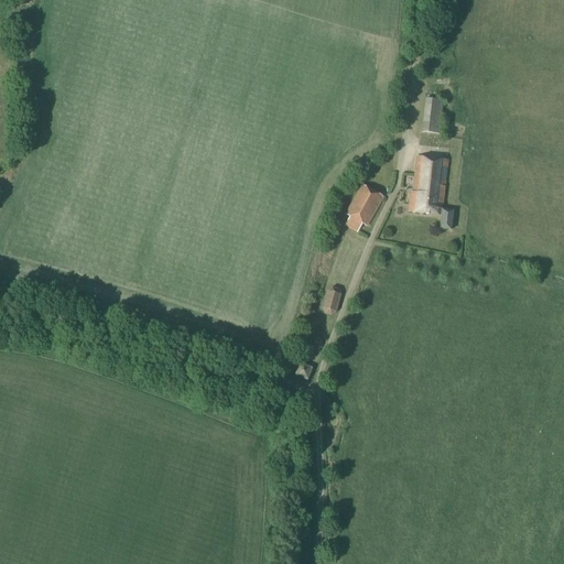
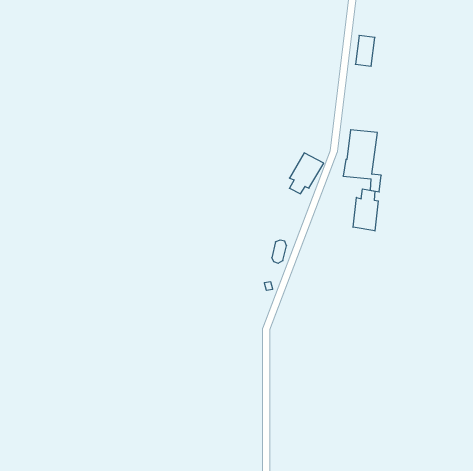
building: [422,96,445,132] -> [355,35,375,66]
building: none -> [353,189,378,231]

